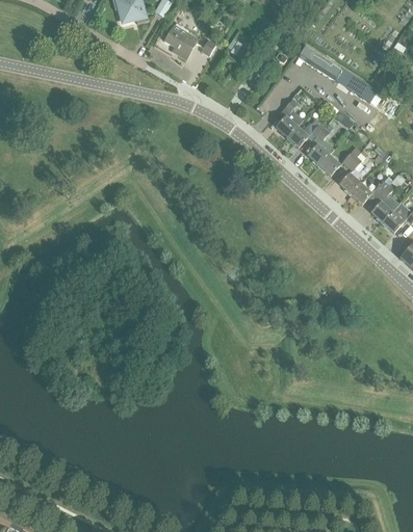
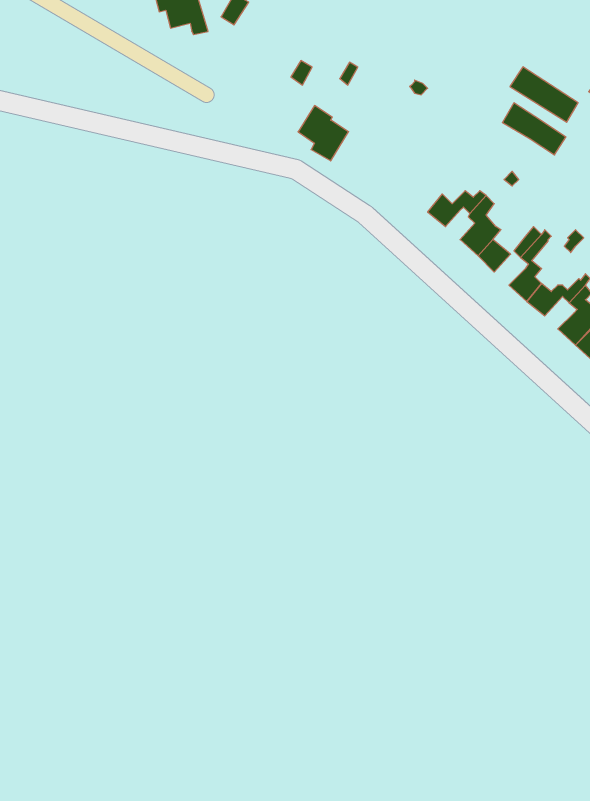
building: [164,22,197,57] -> [298,106,349,161]
building: [298,45,341,80] -> [510,67,578,122]
building: [274,99,302,137] -> none

